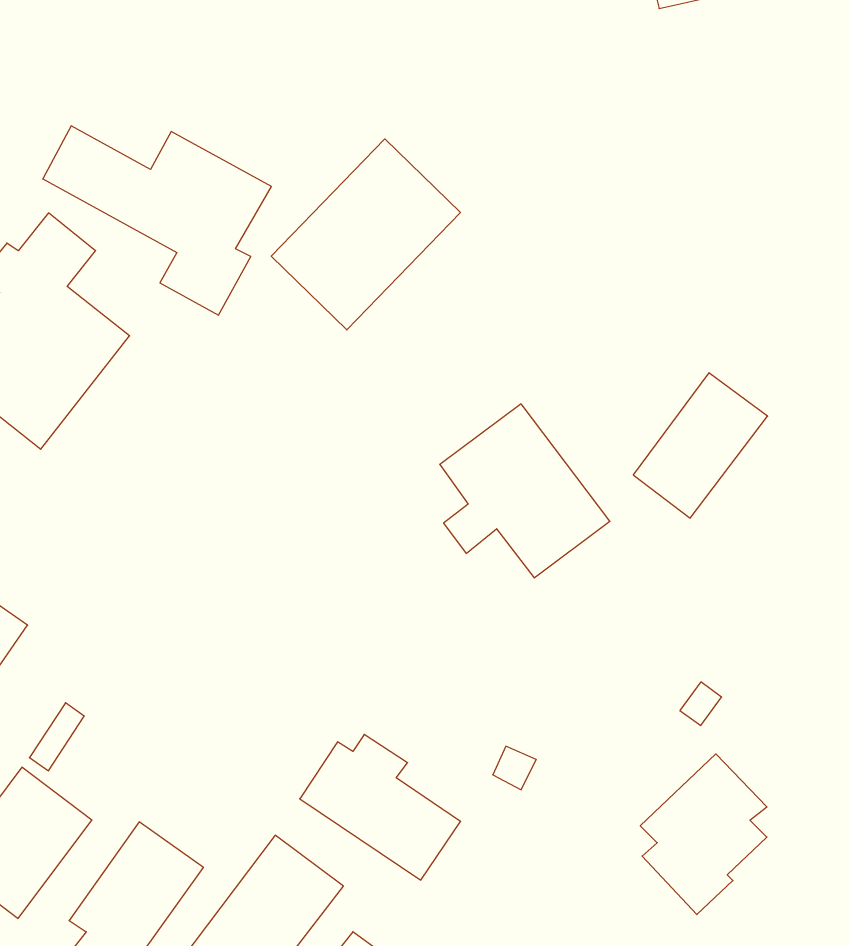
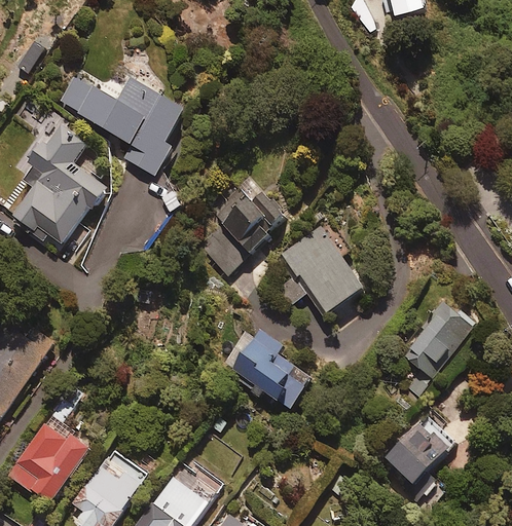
building: [271,139,460,330] -> [184,176,287,279]
building: [633,373,768,518] -> [401,301,474,380]
building: [300,734,461,880] -> [223,328,310,407]

